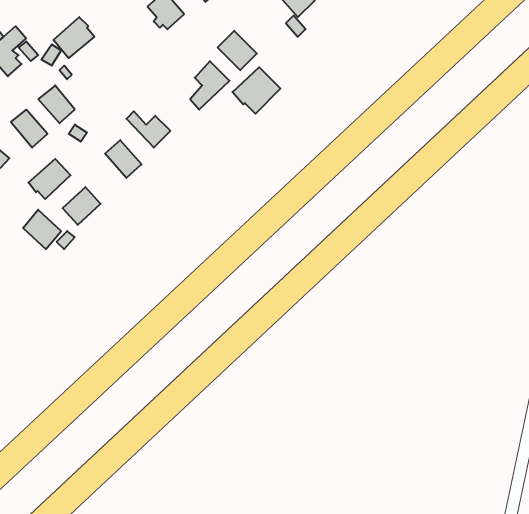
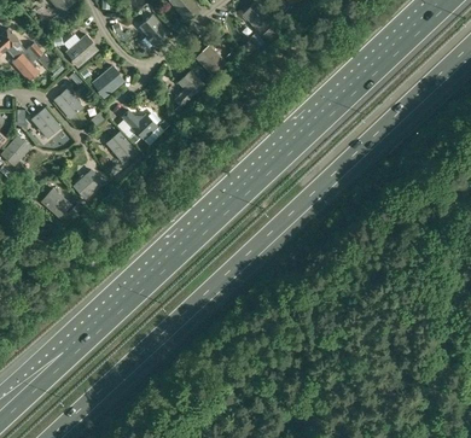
building: none -> [91,65,123,98]
building: [232,67,280,114] -> none
building: [28,159,71,199] -> none

